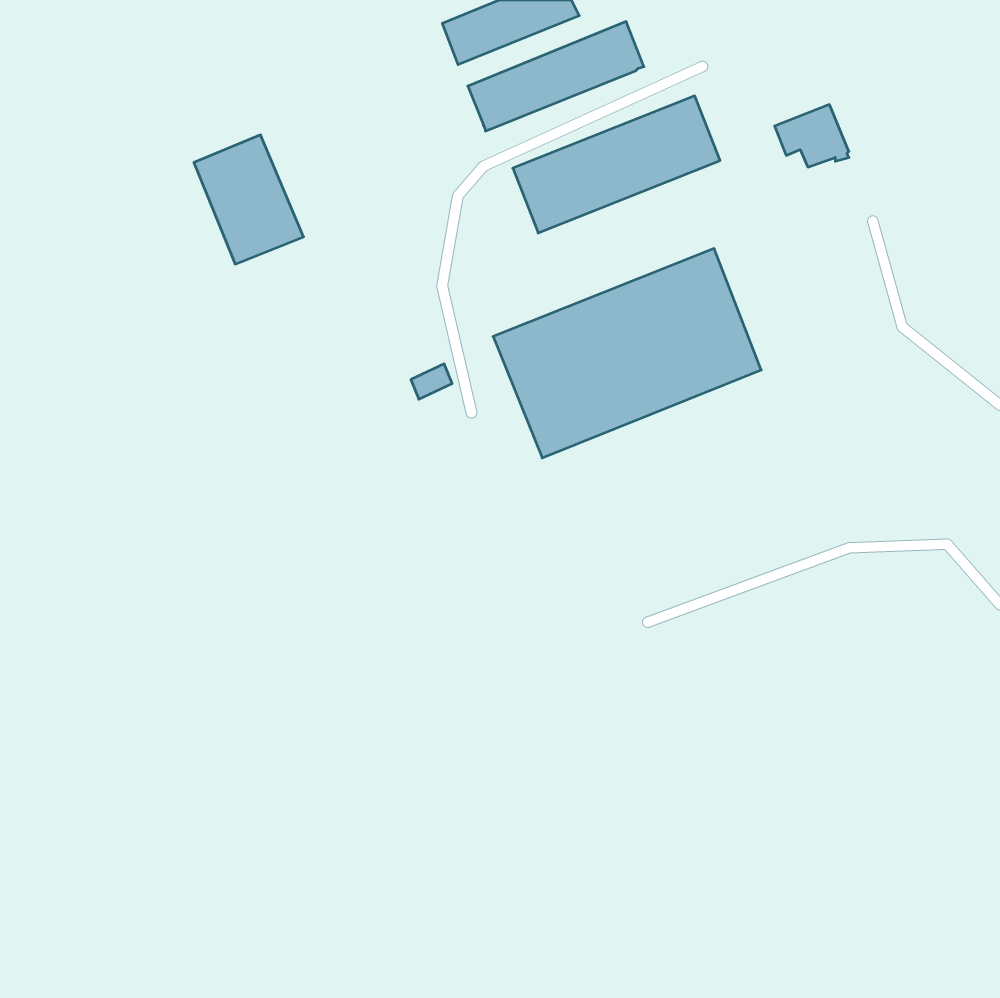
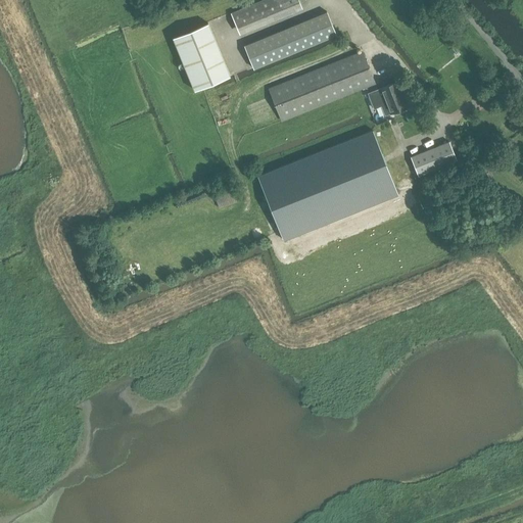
building: [775,105,849,167] -> [368,83,407,115]
building: [194,135,304,264] -> [173,23,230,91]
building: none -> [411,142,457,177]

